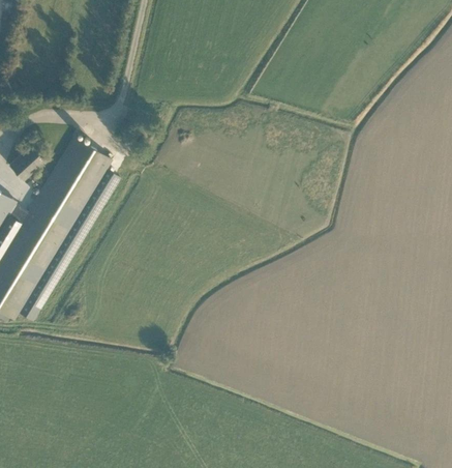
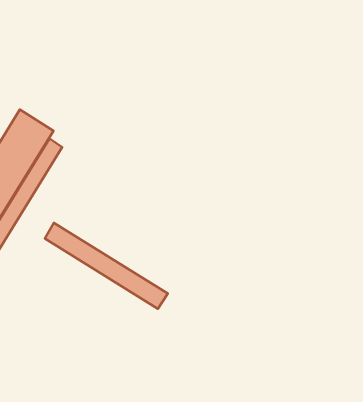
building: none -> [45,223,168,309]

